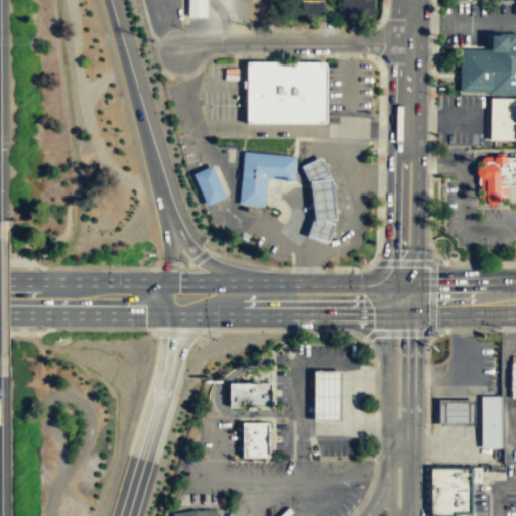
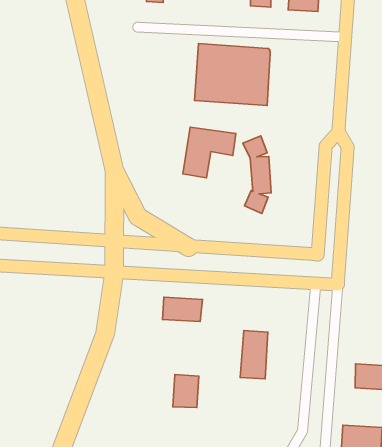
building: [192,165,226,206] -> none
building: [230,383,272,407] -> [163,297,202,322]

